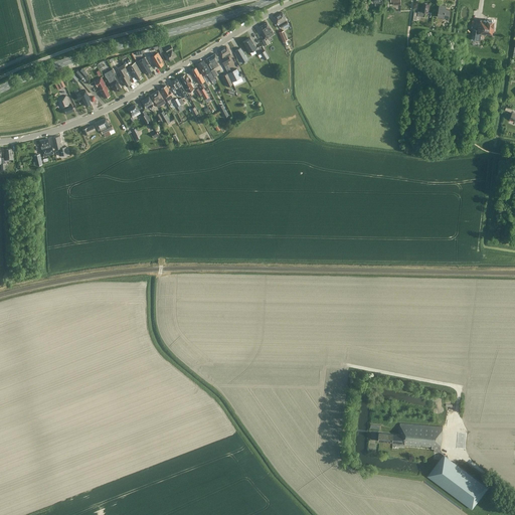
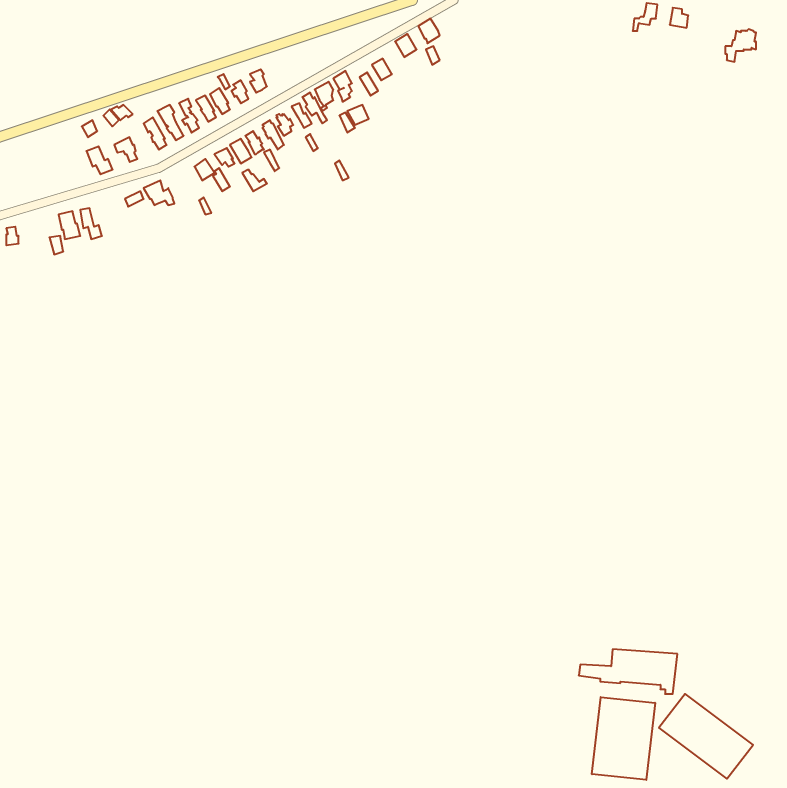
building: none -> [592,697,655,780]

